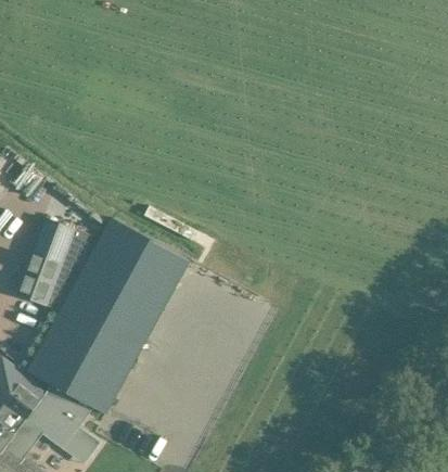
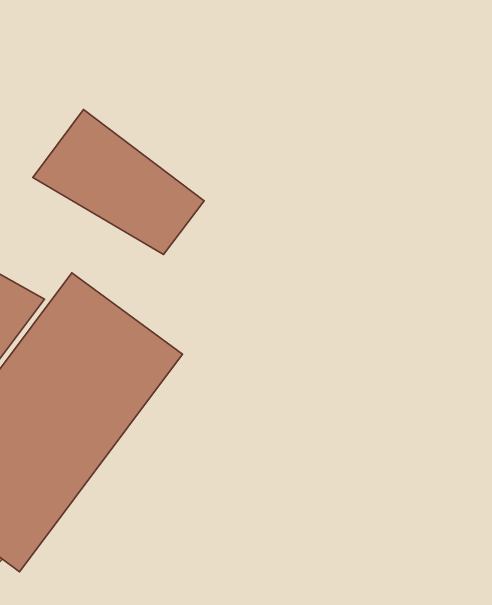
building: none -> [33,110,204,255]

